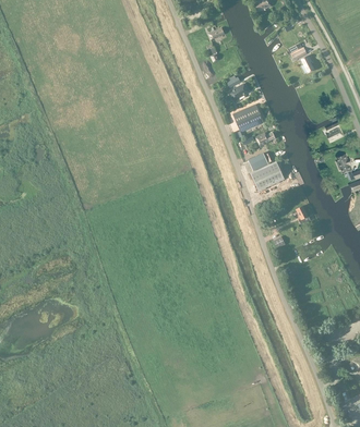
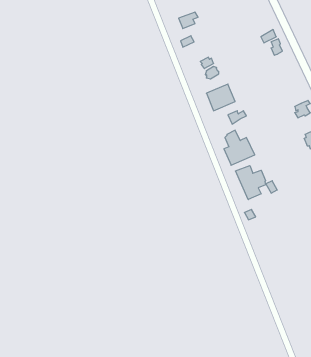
building: none -> [236,166,266,200]

